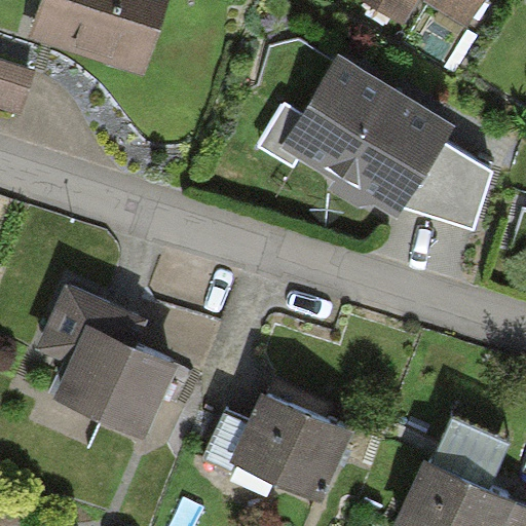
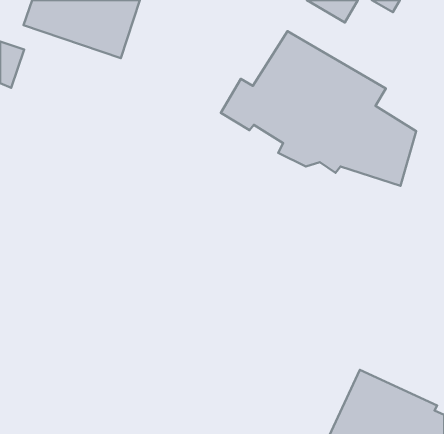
building: [37,281,178,439] -> none
building: [228,384,352,496] -> none

